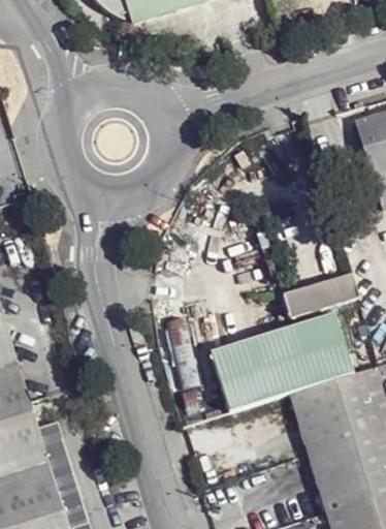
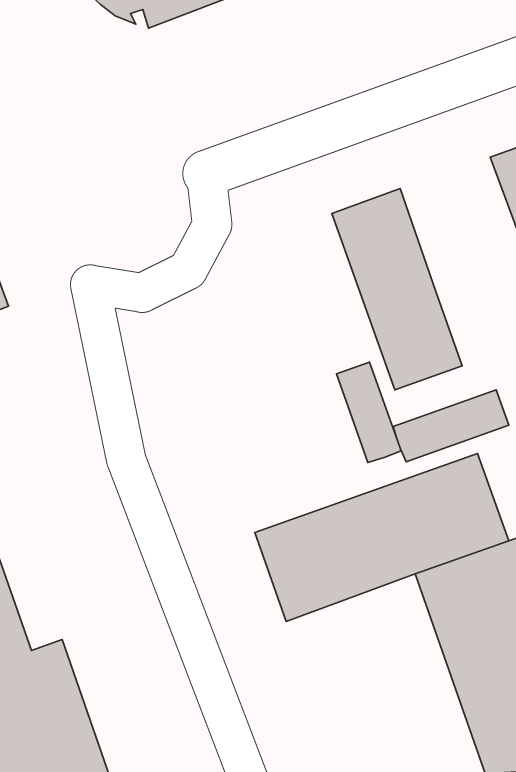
building: none -> [332,189,462,390]
building: none -> [337,362,401,462]

